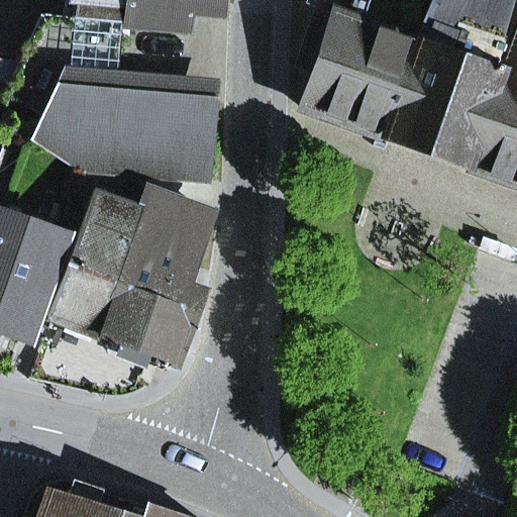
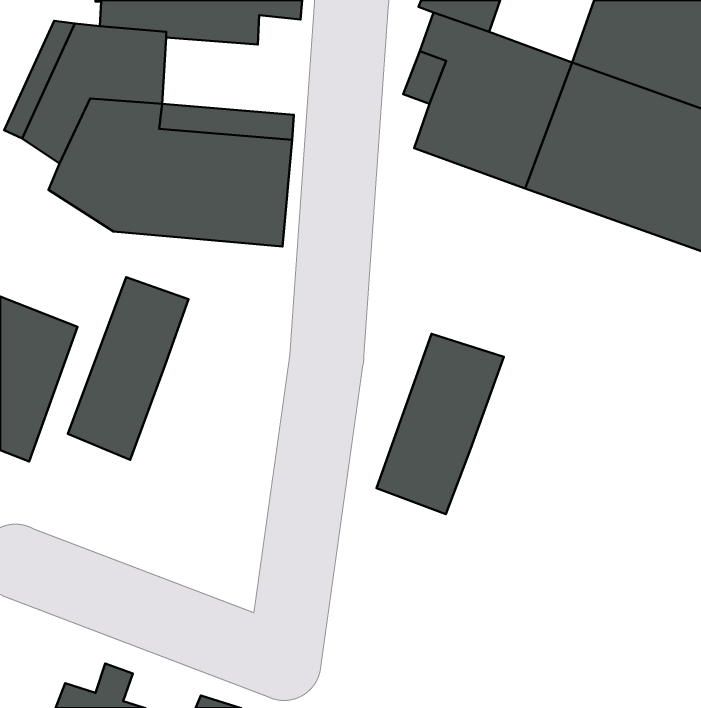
building: [100,193,214,366] -> none
building: none -> [377,334,504,514]

